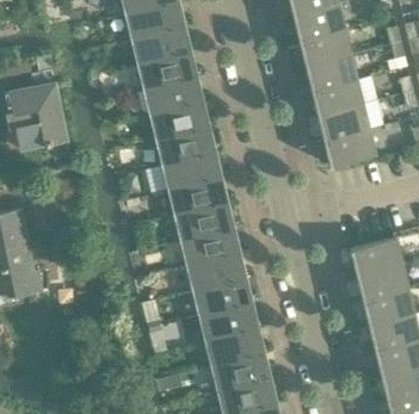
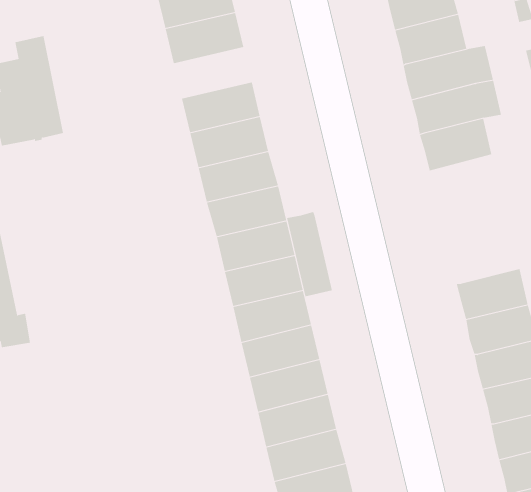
building: [144,76,202,113] -> none
building: none -> [286,211,332,297]

